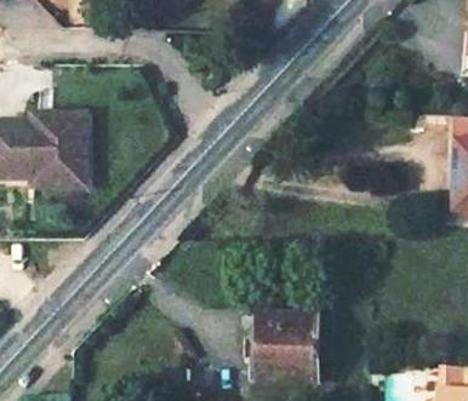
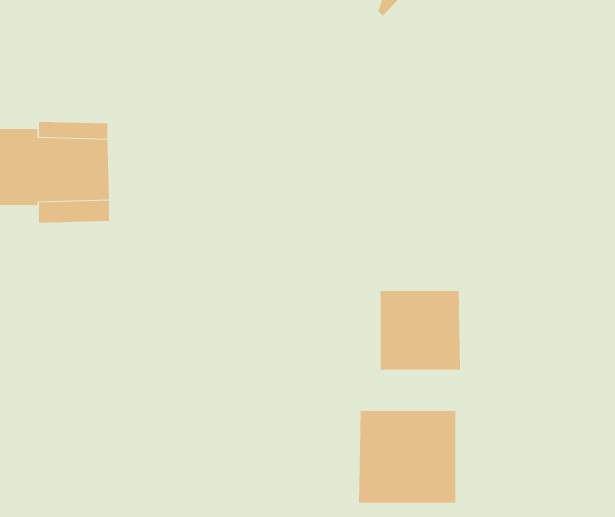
building: none -> [380,290,461,371]

